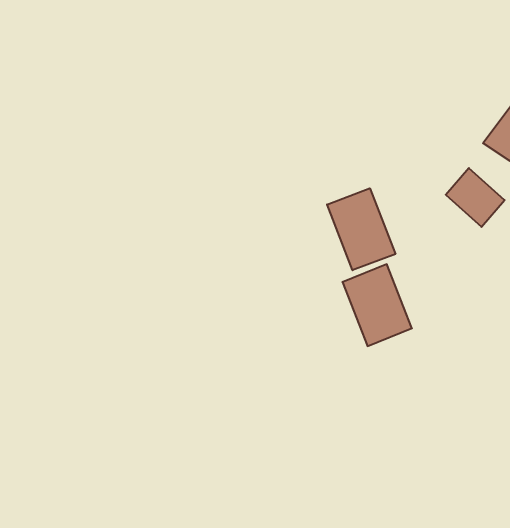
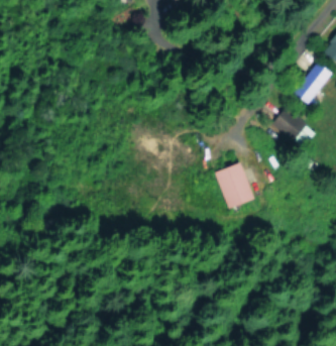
building: [327,188,395,270] -> none

